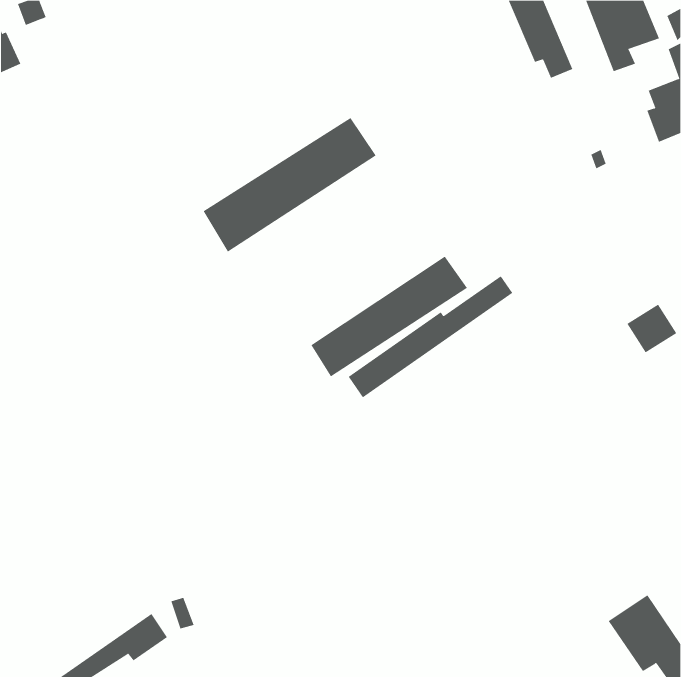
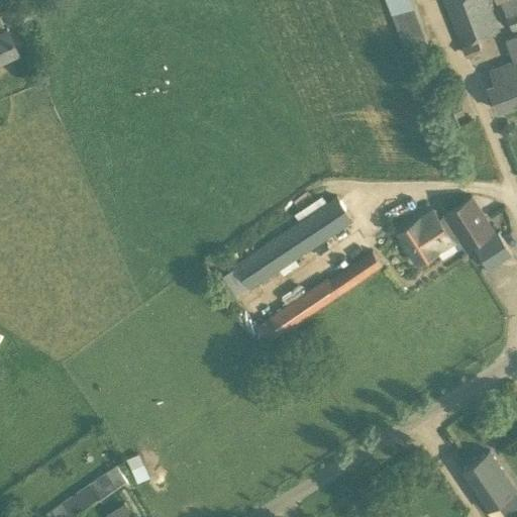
building: [203,117,376,252] -> none
building: none -> [399,199,494,265]
building: [348,275,513,398] -> [255,251,381,344]

